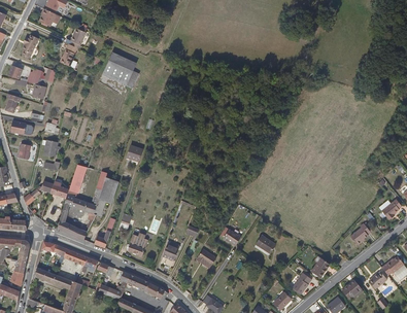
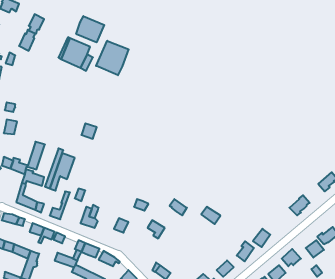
building: none -> [76,16,104,42]
building: none -> [96,41,129,75]

